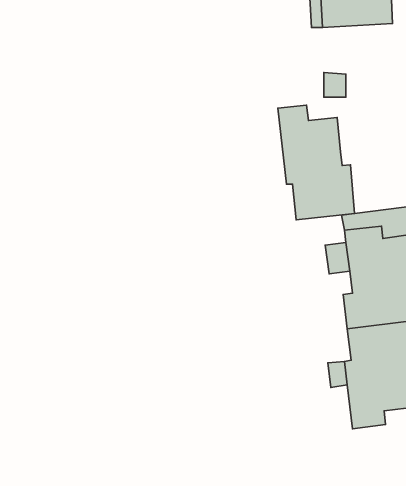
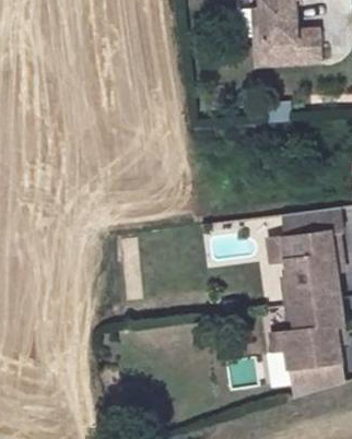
building: [278,105,355,220] -> none

